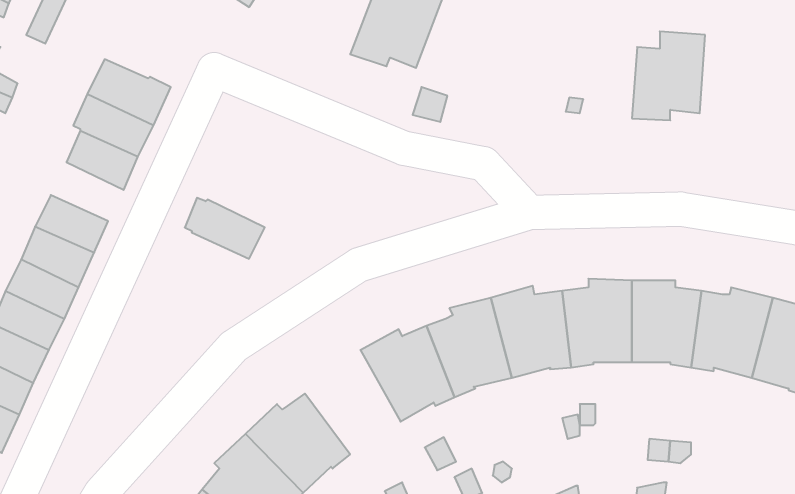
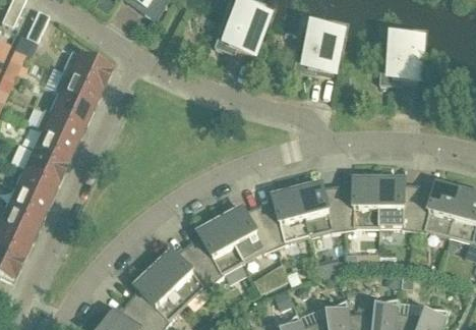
building: none -> [295,23,344,75]
building: [185,198,265,259] -> [37,109,83,145]
building: none -> [189,220,245,281]

